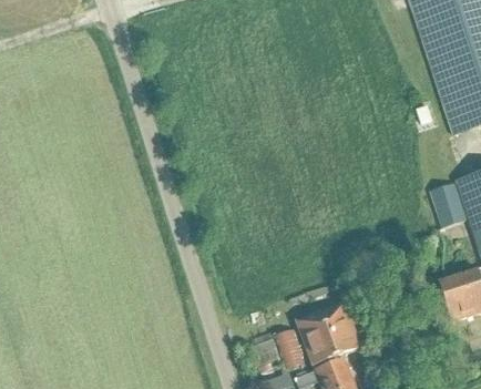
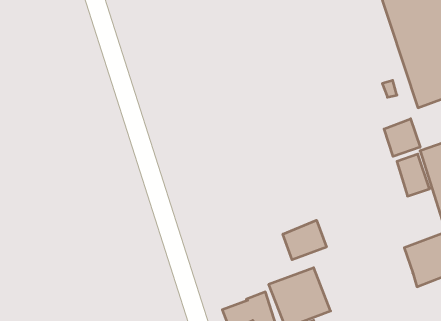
building: none -> [384,119,420,156]
building: none -> [283,220,326,260]

